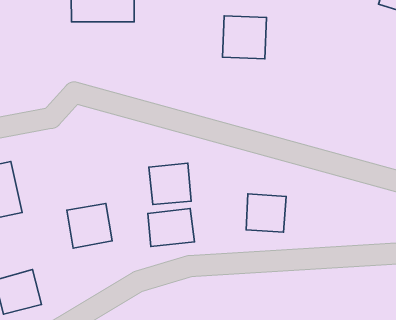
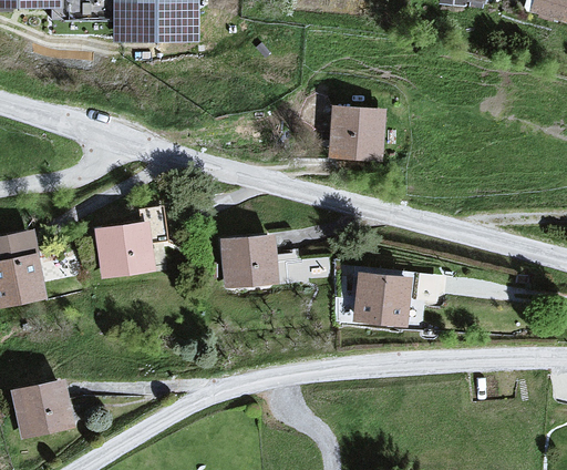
building: [223,16,267,59] -> [328,106,388,165]
building: [67,204,112,248] -> [93,218,155,279]
building: [148,209,194,246] -> none

